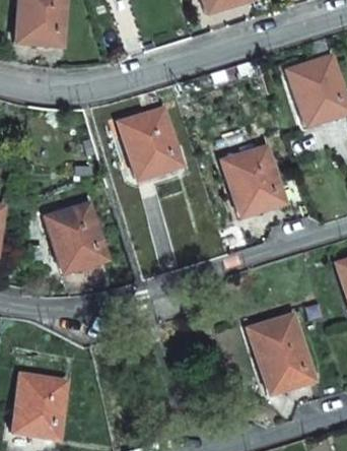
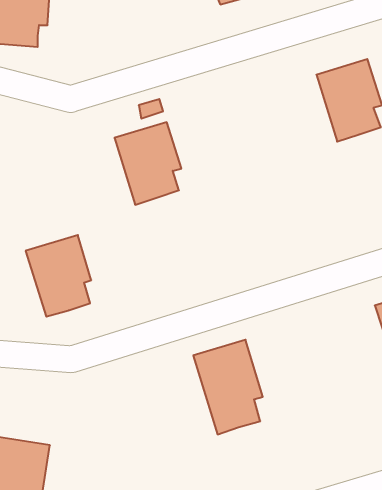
building: [223,147,280,216] -> none
building: [251,315,308,394] -> [193,340,263,434]

